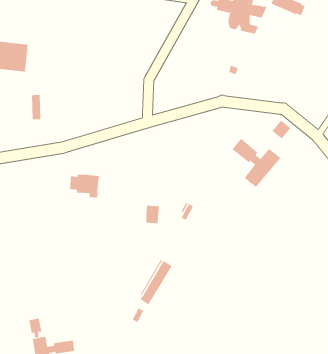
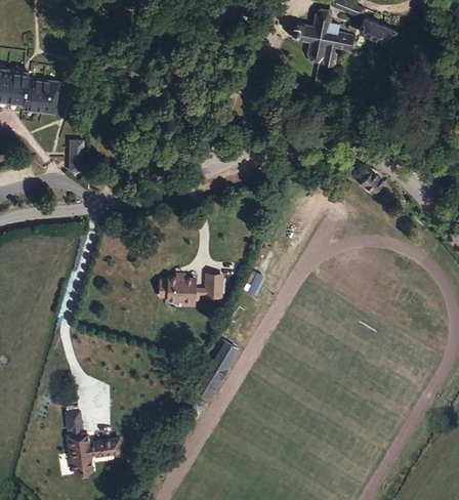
building: [232,138,281,188] -> none
building: [69,174,100,198] -> [161,276,198,304]

